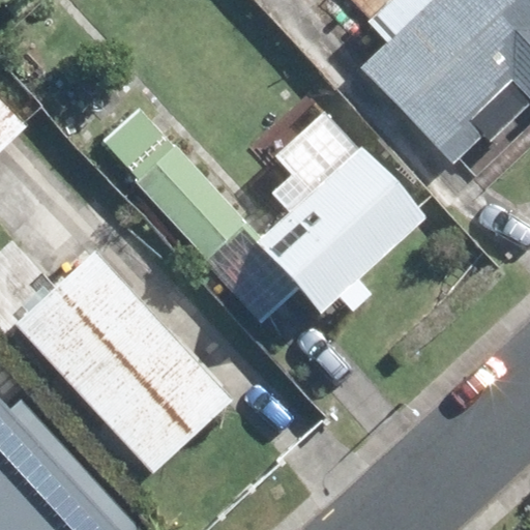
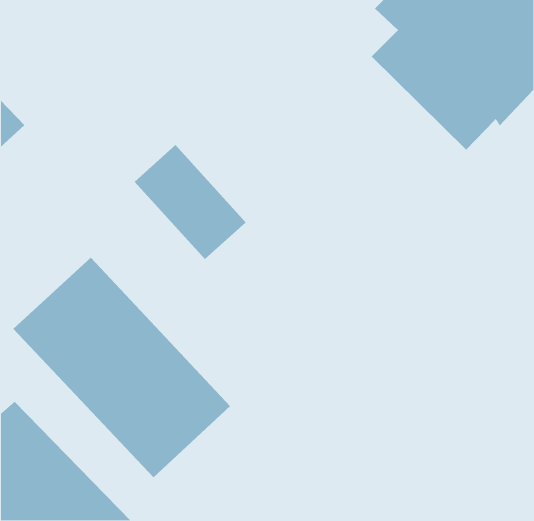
building: [264,137,430,298] -> none

